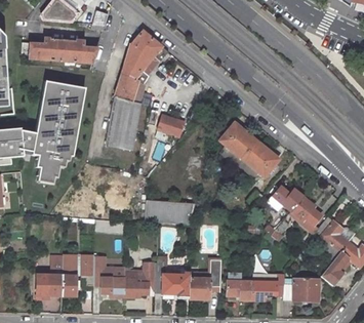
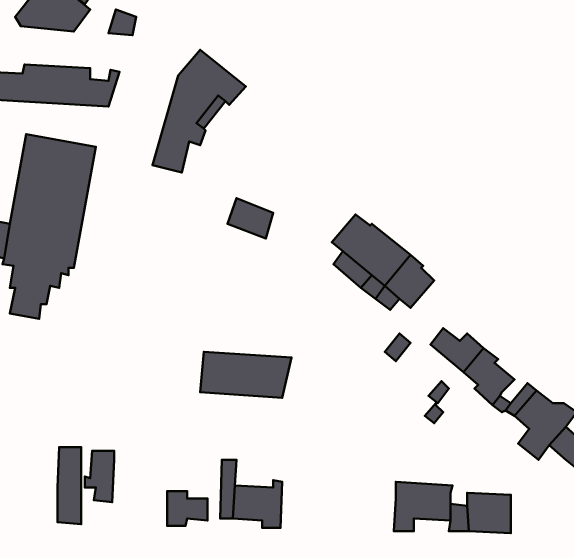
building: [109,96,144,150] -> none
building: [322,253,350,286] -> none
building: [190,260,223,300] -> none
building: [95,261,127,298] -> none
building: [228,273,254,301] -> none
building: [40,276,65,296] -> none

